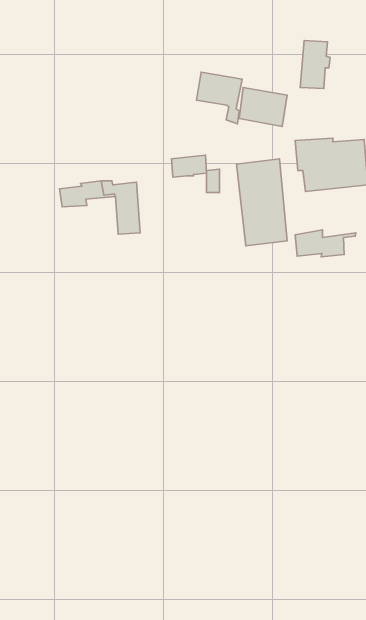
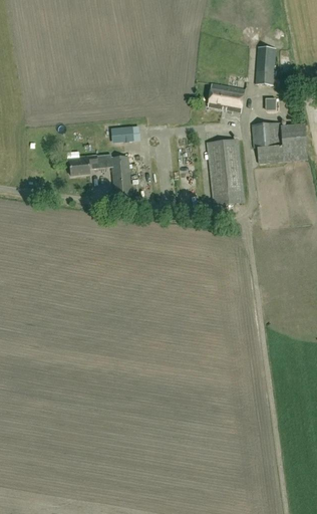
building: [197,72,242,124] -> none
building: [172,155,207,177] -> [112,126,139,144]
building: [295,230,356,257] -> none

